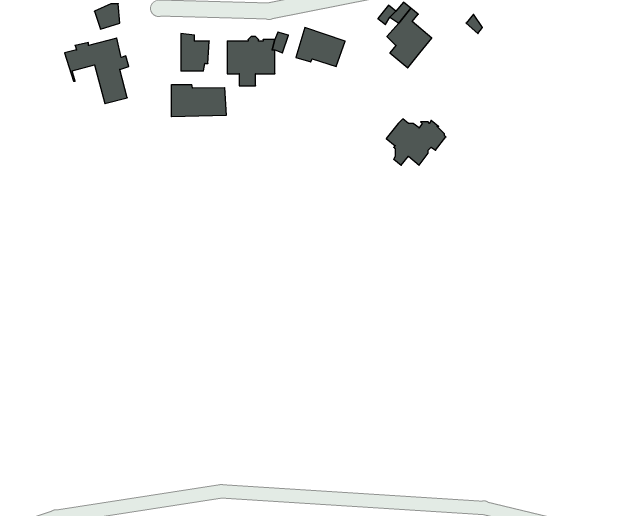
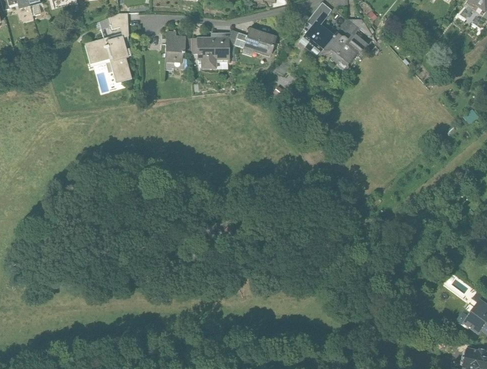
building: [172,85,226,117] -> none
building: [386,119,446,165] -> [326,32,366,63]

